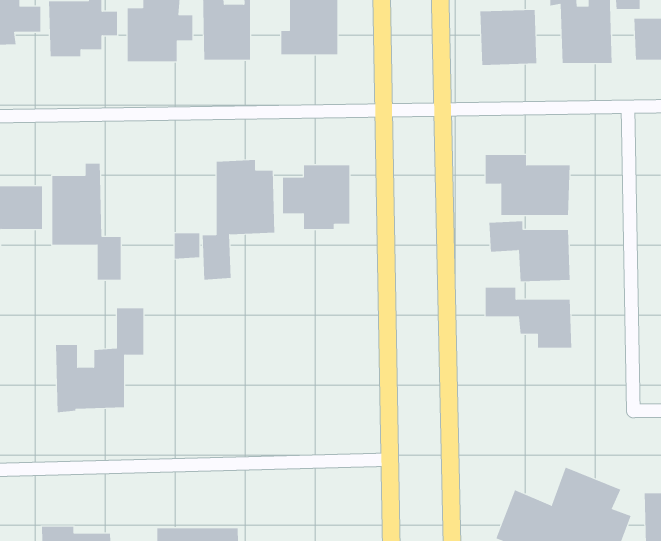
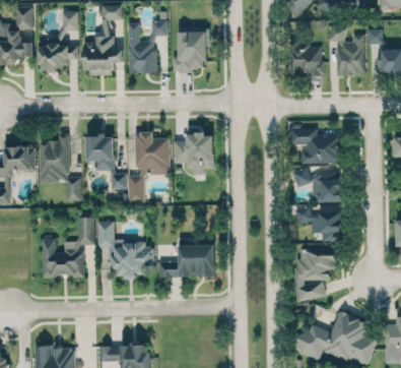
building: none -> [84,136,114,170]
building: none -> [96,221,153,277]
building: none -> [158,245,214,278]
building: none -> [294,248,335,299]

